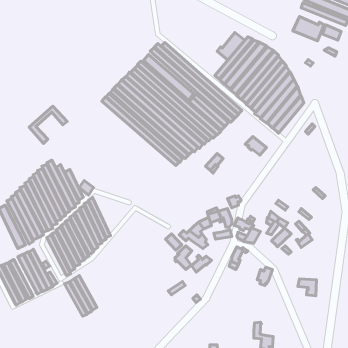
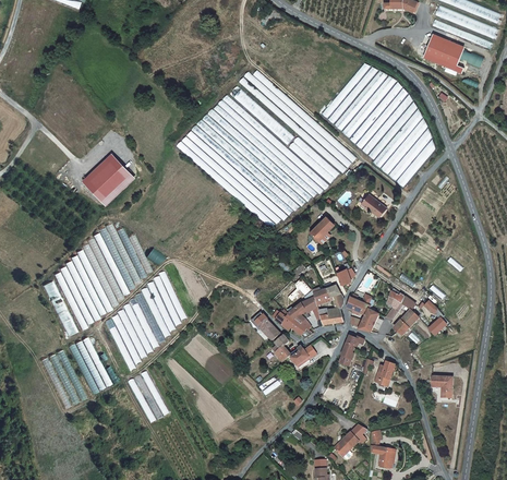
building: [217,32,245,60] -> none
building: none -> [90,160,125,195]
building: none -> [335,421,365,458]

